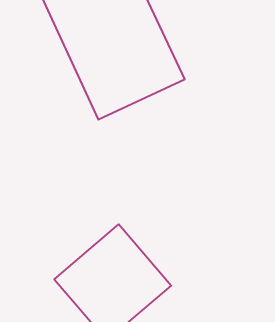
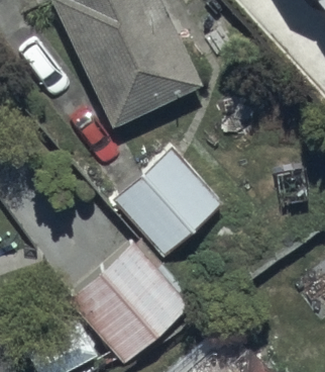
building: none -> [109,147,222,259]

